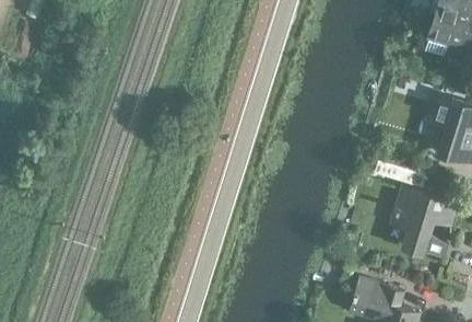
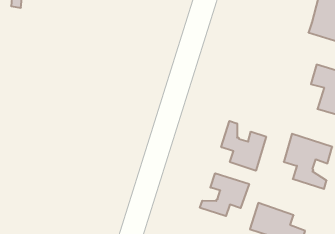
building: none -> [221,121,266,171]
building: none -> [200,173,249,216]

